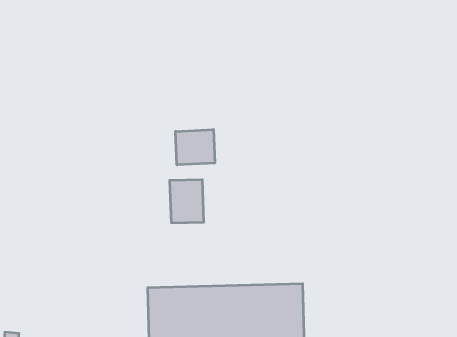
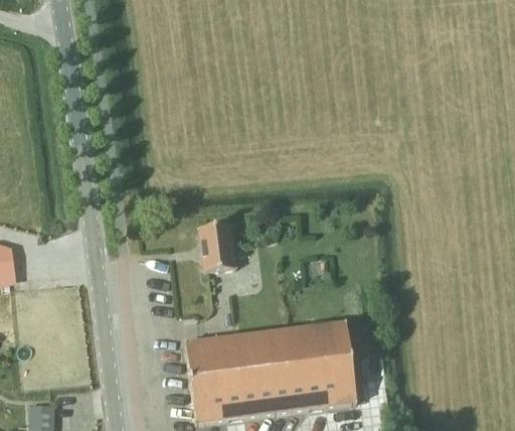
building: [176,129,215,165] -> none

